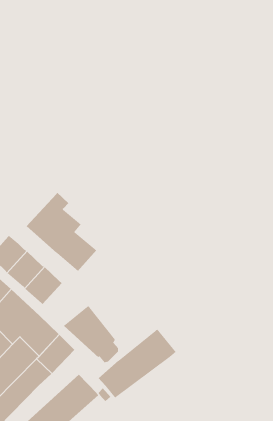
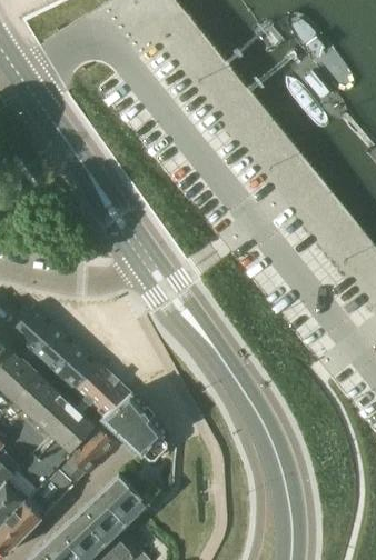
building: [26,192,97,272] -> none
building: none -> [73,366,129,418]
building: [98,329,177,399] -> none

